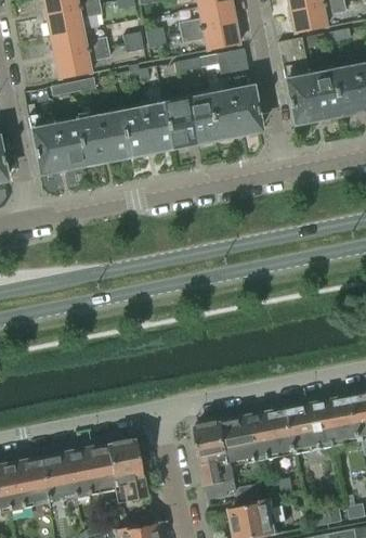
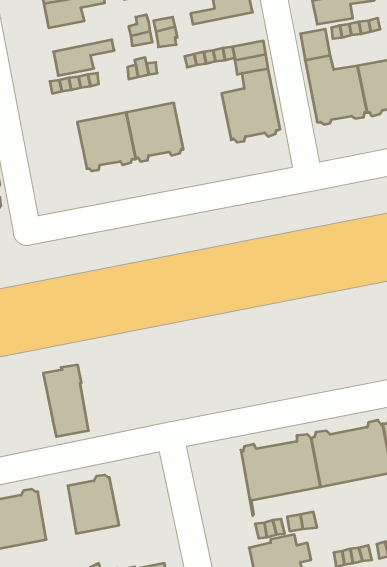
building: [181,22,238,50] -> none
building: [50,29,107,57] -> none
building: [164,95,215,149] -> none
building: [28,111,84,175] -> none
building: [195,420,235,484] -> none
building: [105,437,146,502] -> [43,365,89,437]
building: [40,451,75,501] -> none

